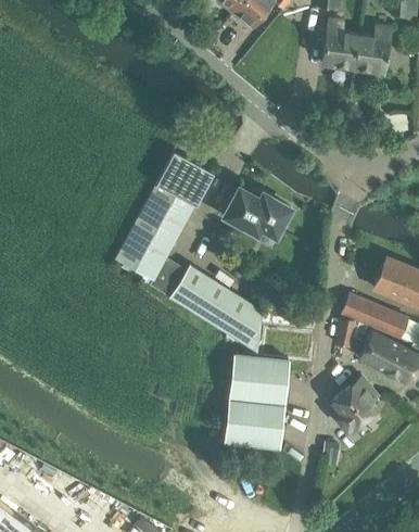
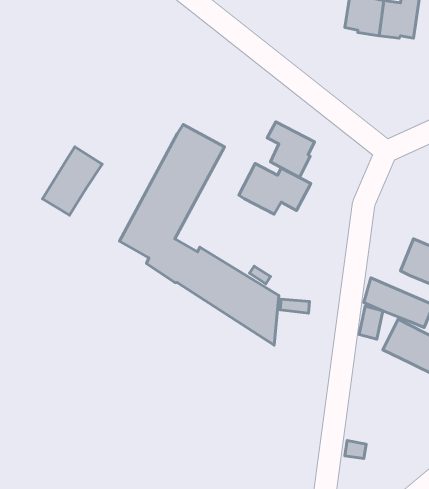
building: none -> [267,122,315,177]
building: none -> [43,147,102,215]
building: [226,354,290,449] -> none
building: [331,378,381,432] -> none

